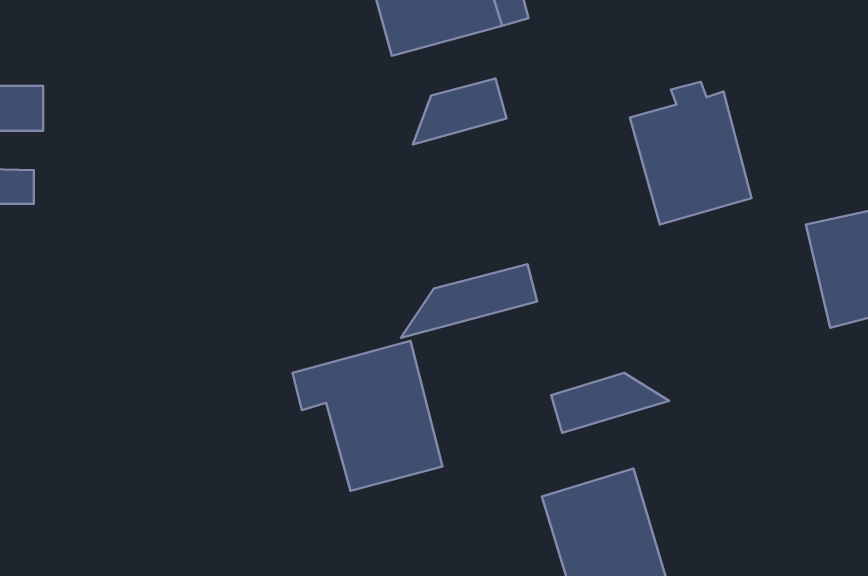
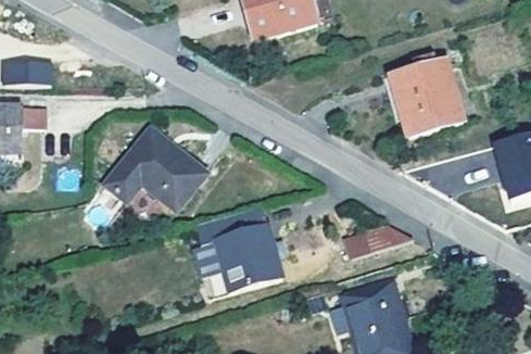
building: [413,79,506,144] -> none
building: none -> [105,127,207,211]
building: [401,264,537,338] -> none

